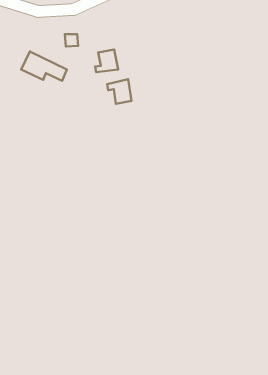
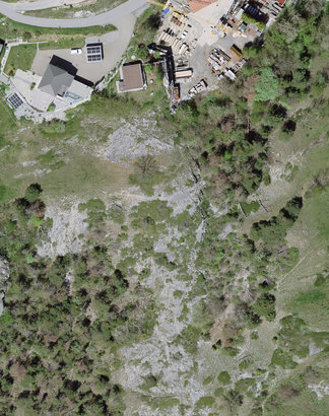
building: [107,79,132,104] -> none

